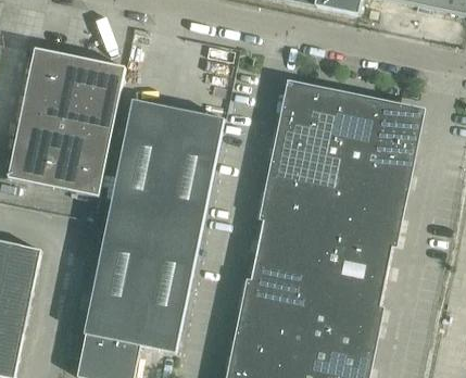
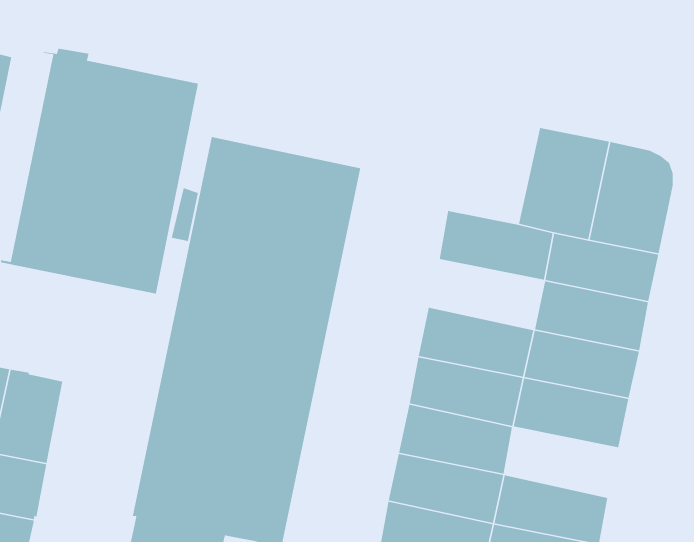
building: [277,87,333,152] -> none
building: [265,174,337,217] -> none
building: [312,277,382,320] -> none

